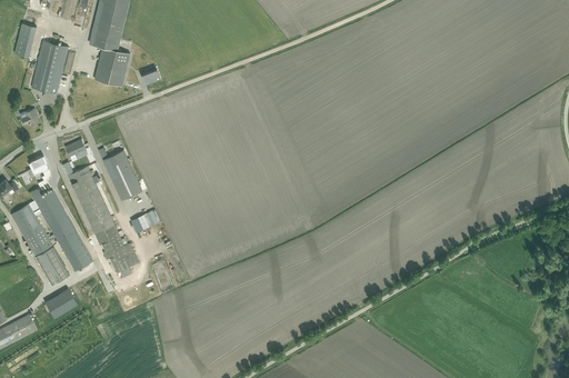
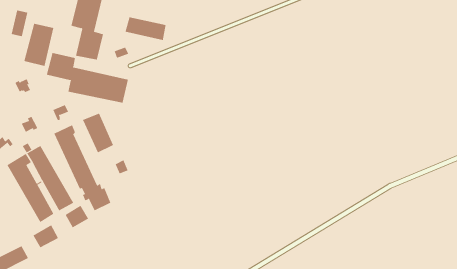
building: none -> [125,16,166,41]
building: none -> [46,52,128,104]
building: none -> [65,205,89,228]

